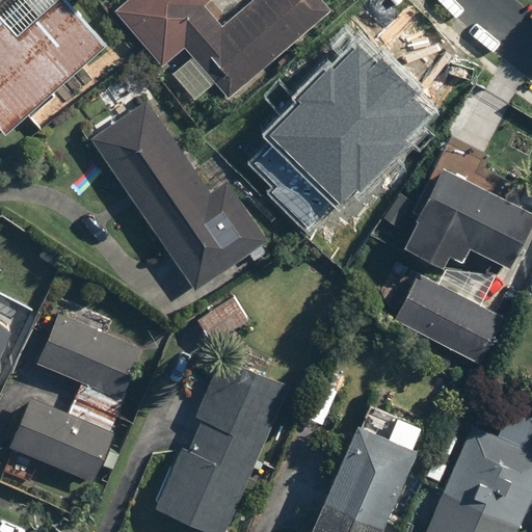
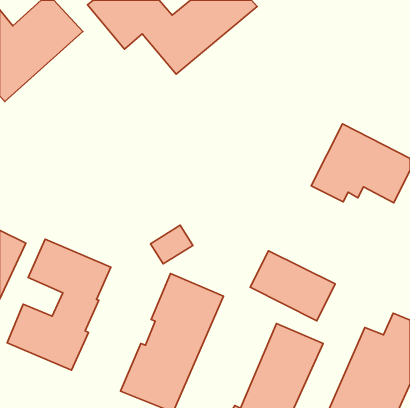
building: [262,36,440,222] -> none
building: [90,101,268,290] -> none
building: [393,273,503,364] -> [250,251,335,321]

